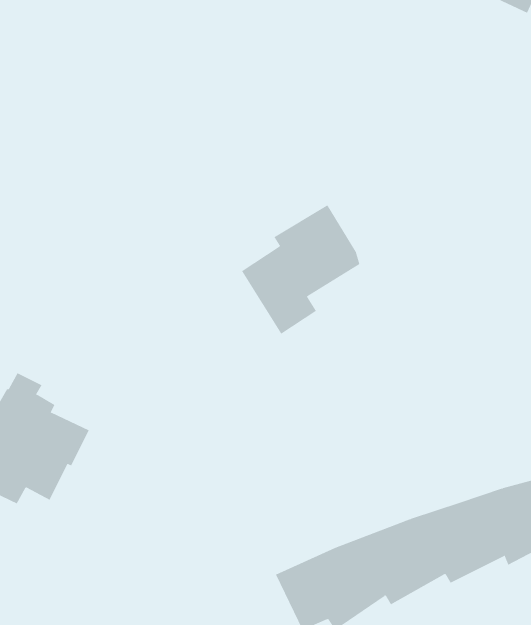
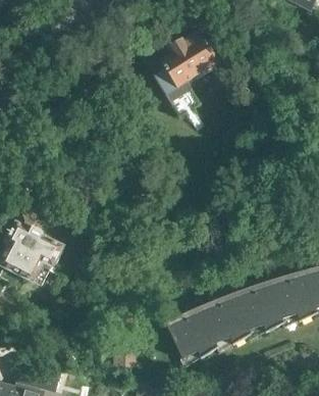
building: [241,205,360,334] -> [148,28,215,101]

